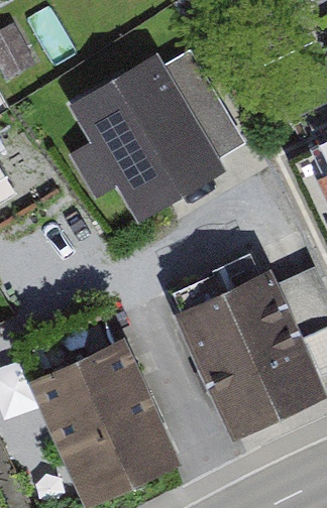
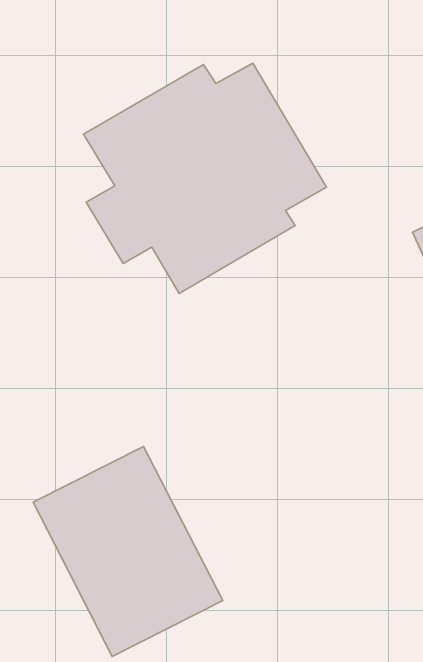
building: [185,279,309,423] -> none

